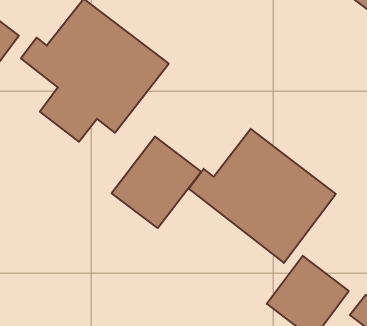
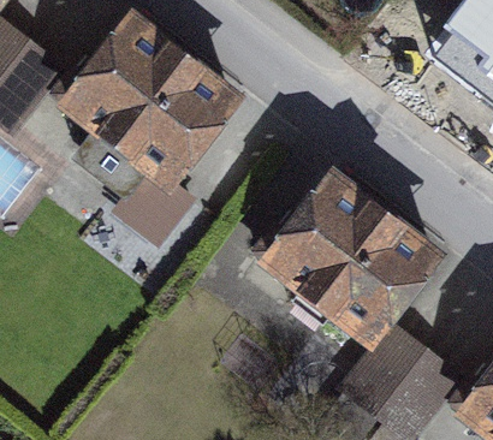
building: [112,137,201,228] -> none

